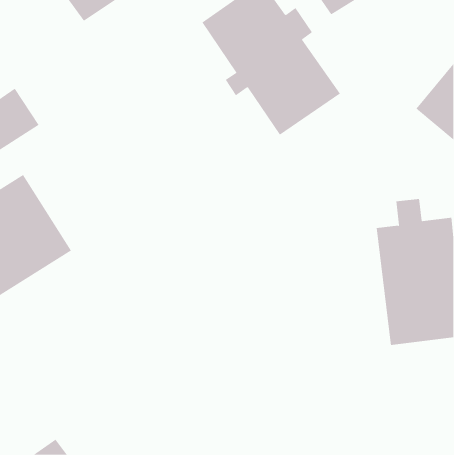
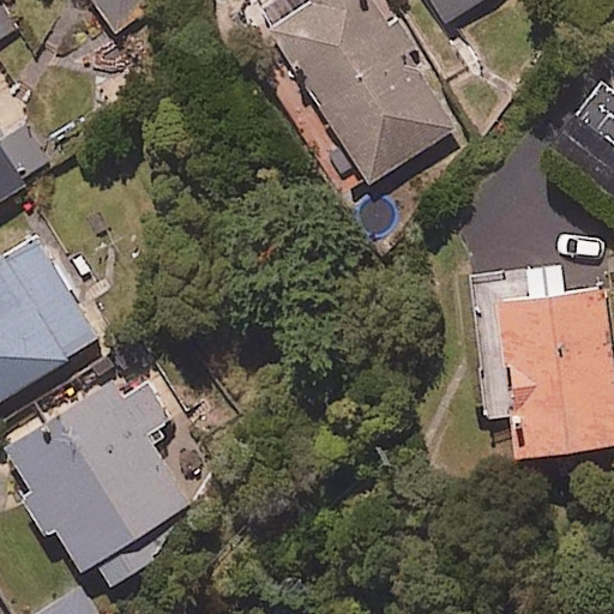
building: none -> [7,371,192,590]

